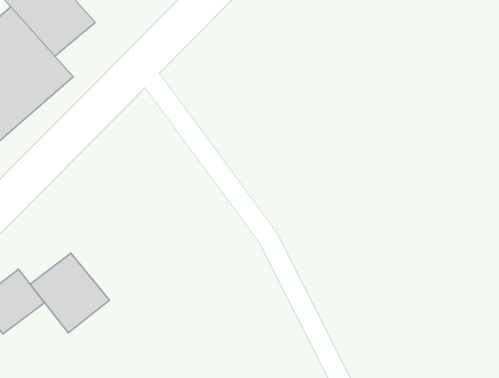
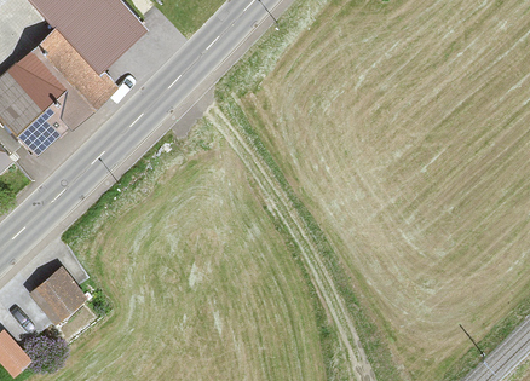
building: [30,253,109,333] -> none

